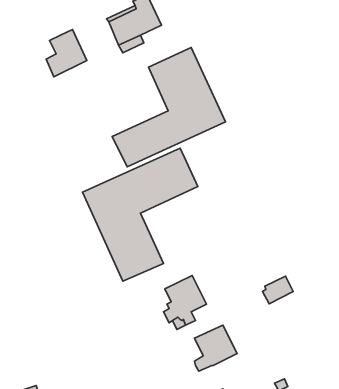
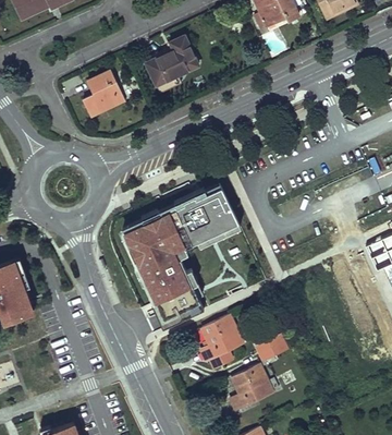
building: [112,48,225,167] -> none
building: [262,276,293,304] -> [257,335,287,362]

